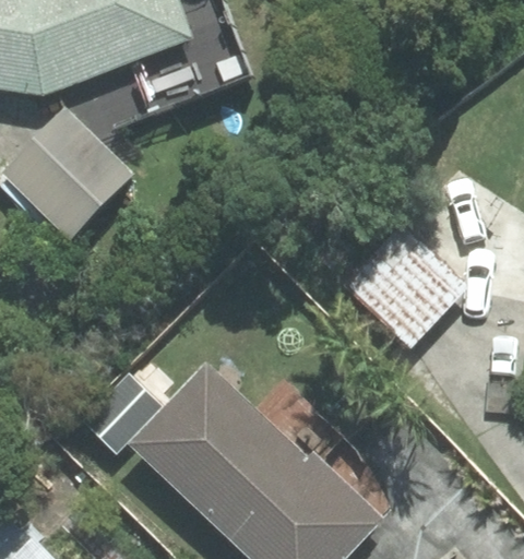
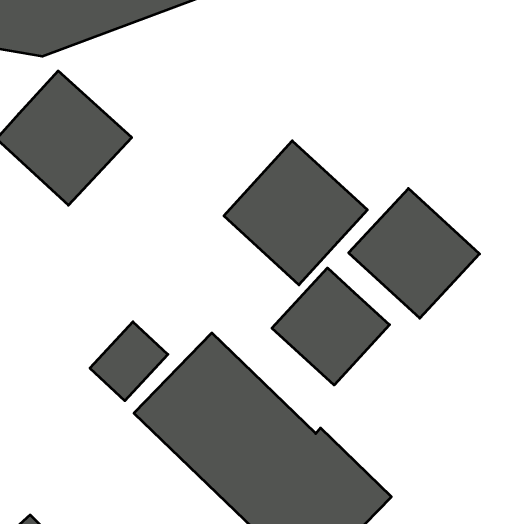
building: none -> [224,141,367,285]
building: none -> [272,268,390,385]

